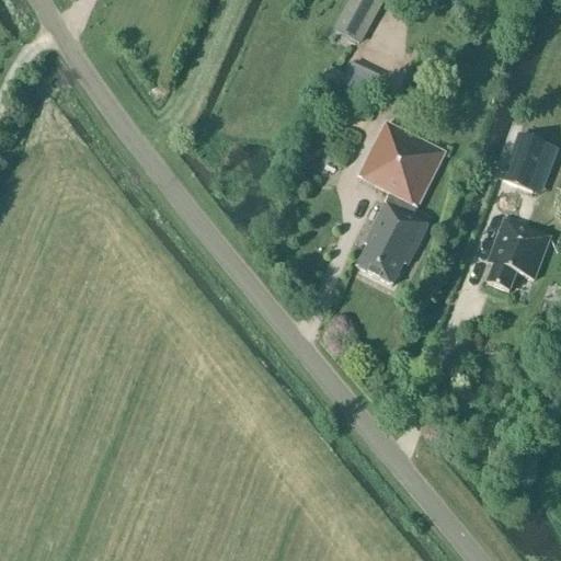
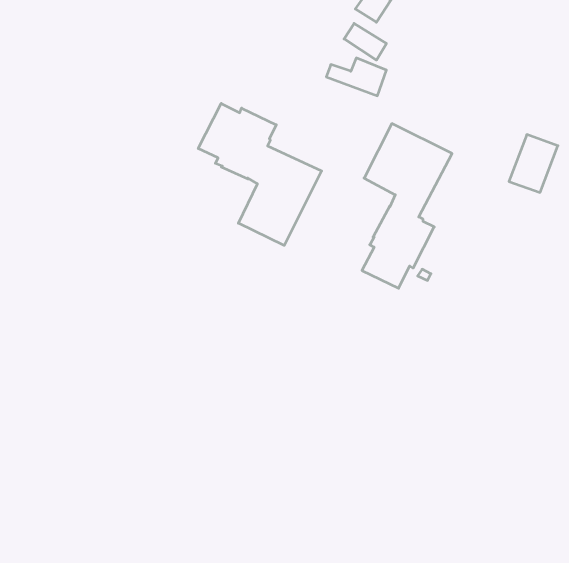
building: none -> [198,103,322,245]
building: [488,218,549,290] -> none

